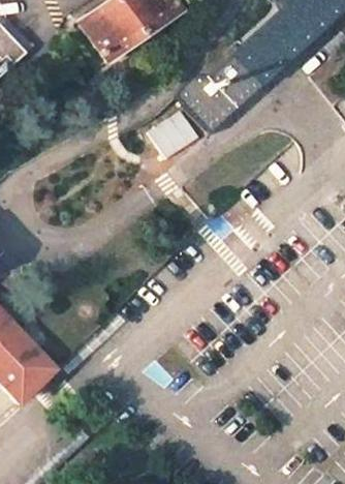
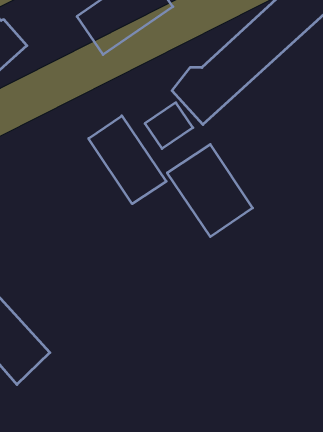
building: none -> [89,116,166,204]
building: none -> [167,144,253,237]

